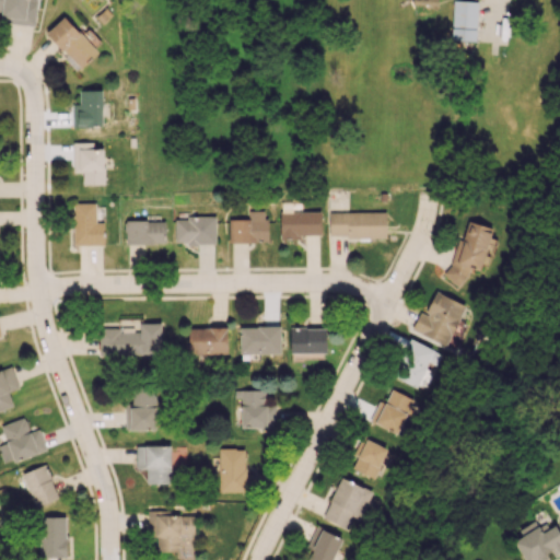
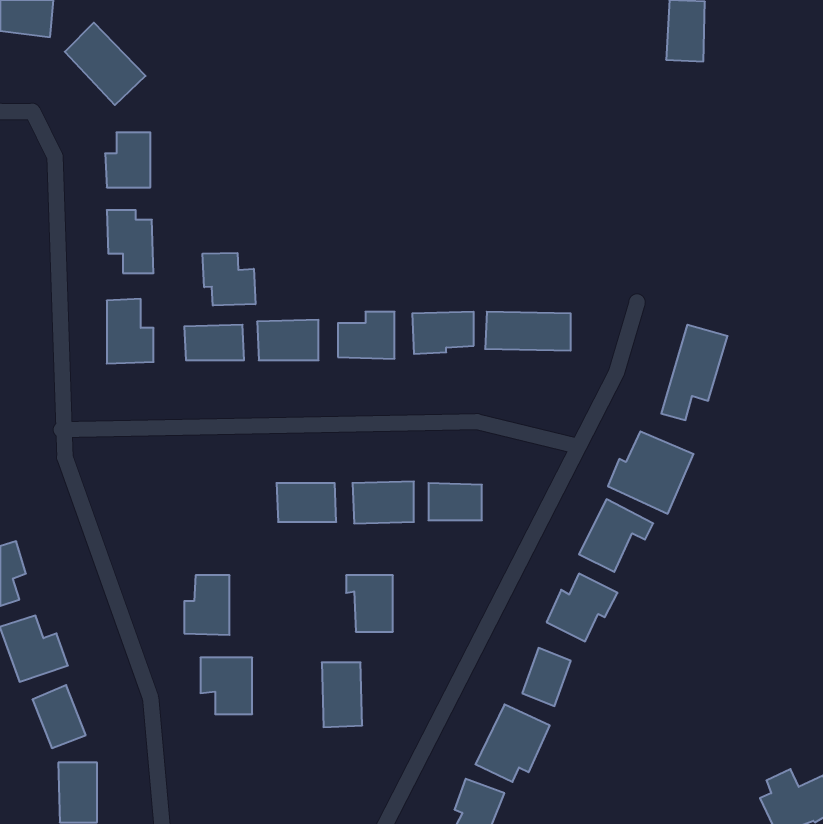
building: none -> [203,253,255,306]
building: [101,324,163,357] -> none
building: [150,506,197,552] -> none

